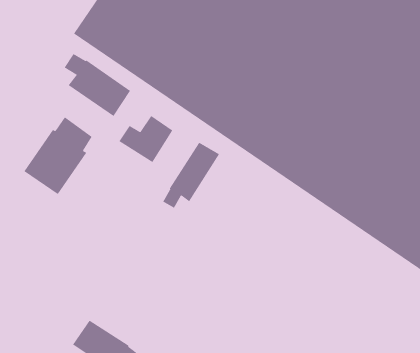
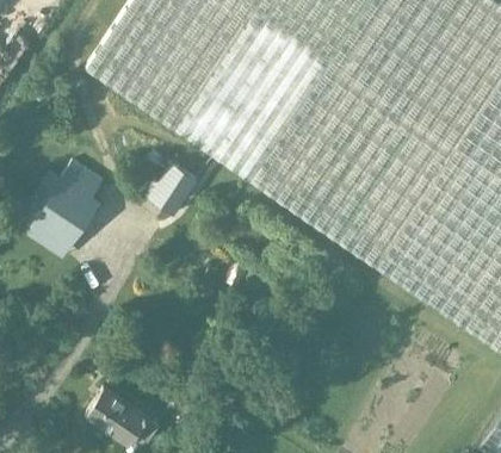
building: [64,53,131,117] -> none
building: [163,142,220,209] -> none

